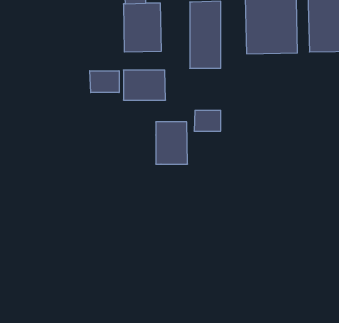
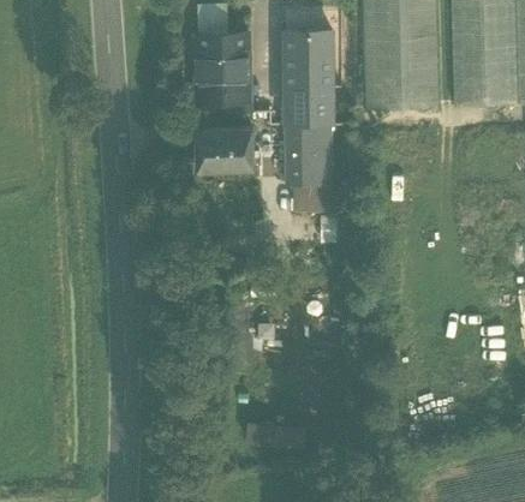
building: [90,71,119,93] -> none
building: [156,122,188,164] -> [290,127,334,186]

